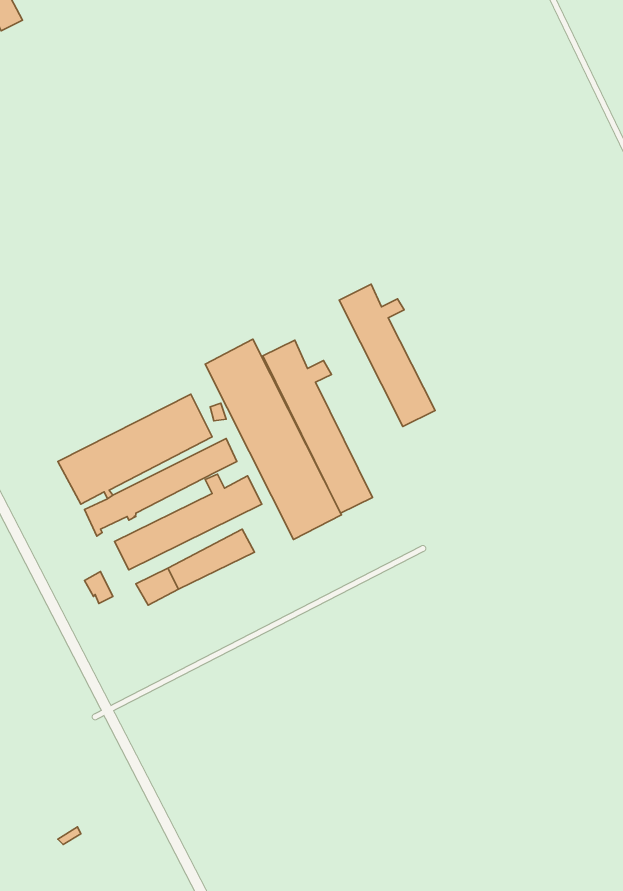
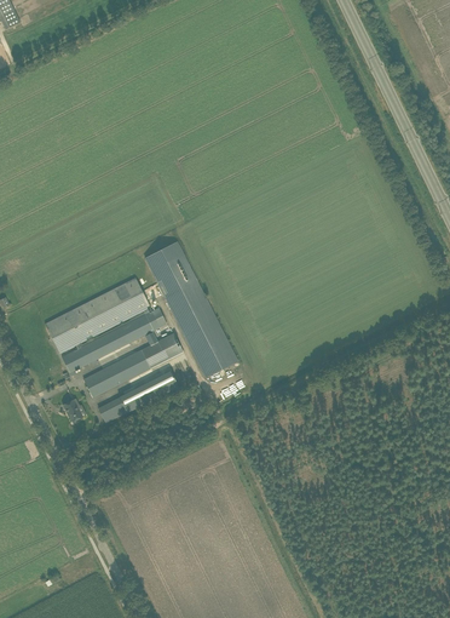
building: [339,284,435,426] -> none
building: [263,340,372,513] -> none

